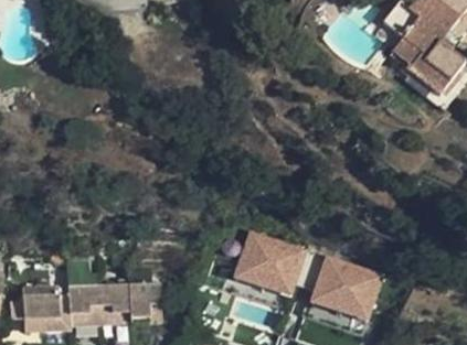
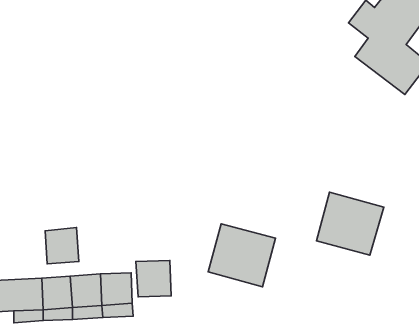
building: none -> [45,227,79,264]
building: [314,250,382,314] -> [317,192,384,255]
building: none -> [136,260,171,297]

